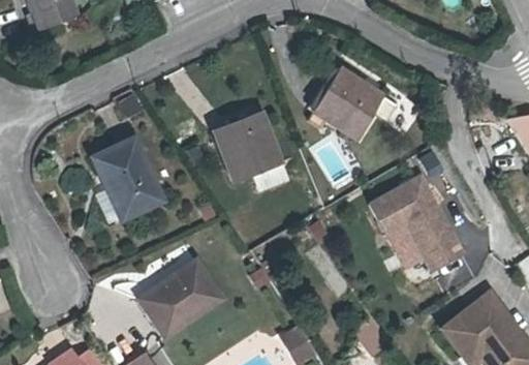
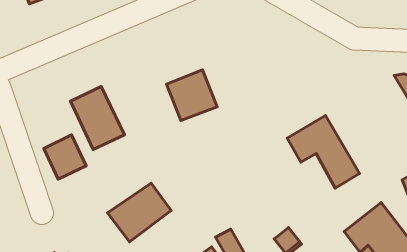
building: [303,64,383,131] -> none
building: none -> [44,135,86,179]

